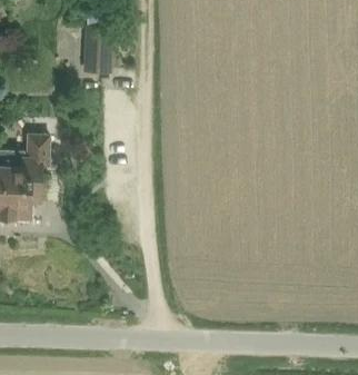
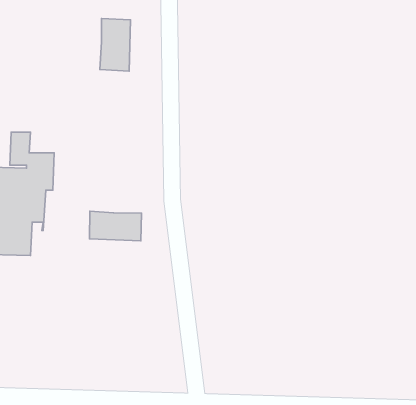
building: none -> [90,211,141,241]

